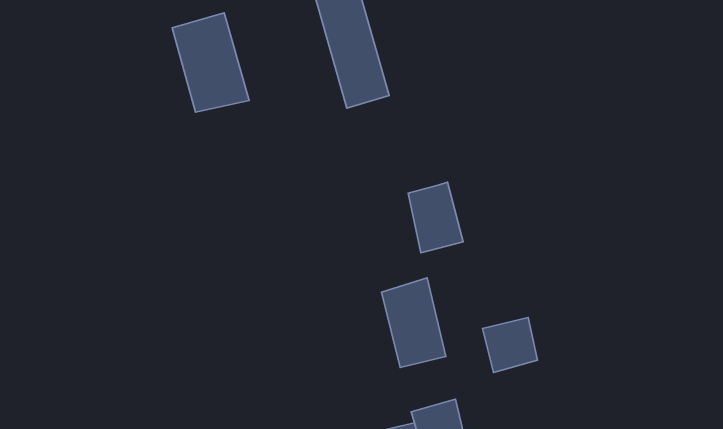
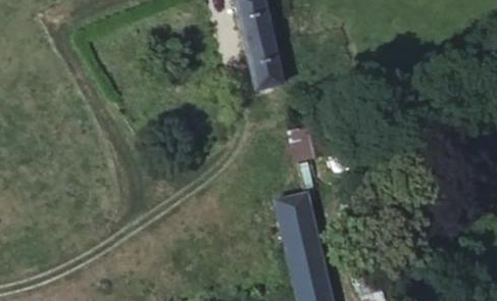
building: [172,13,249,112] -> none
building: [482,318,537,373] -> [283,244,318,280]

